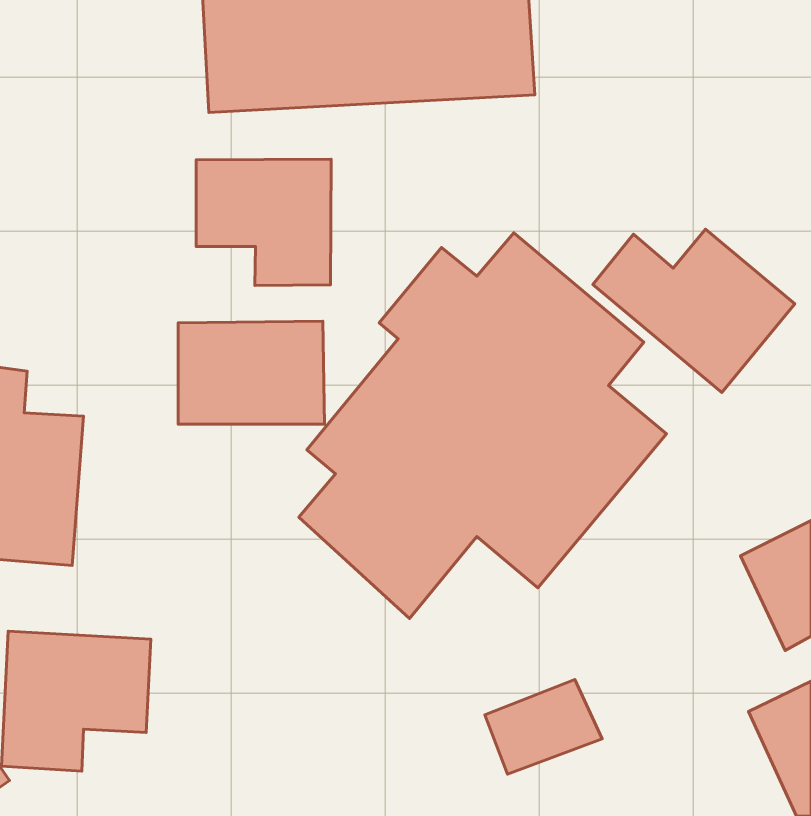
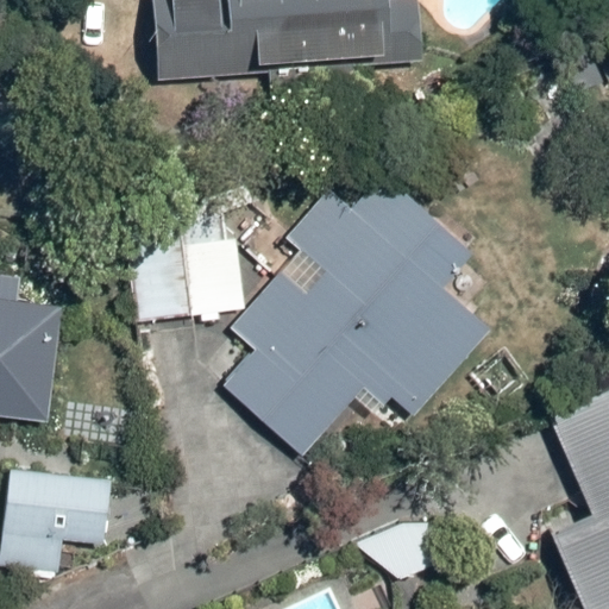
building: [196,159,331,285] -> none
building: [593,229,795,393] -> none

